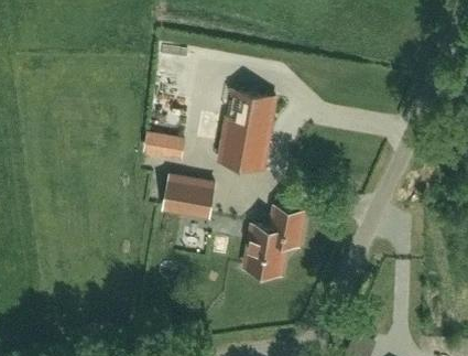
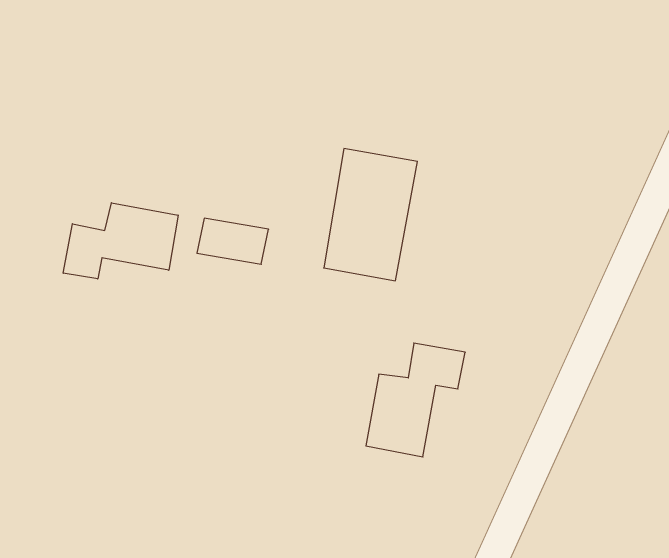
building: none -> [63,203,178,279]
building: [163,177,215,218] -> none

